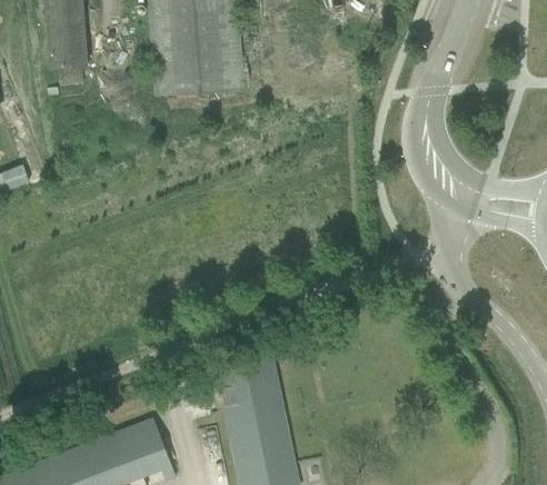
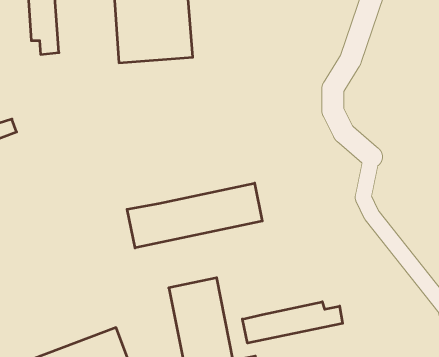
building: none -> [127,183,262,248]
building: none -> [242,302,343,343]

